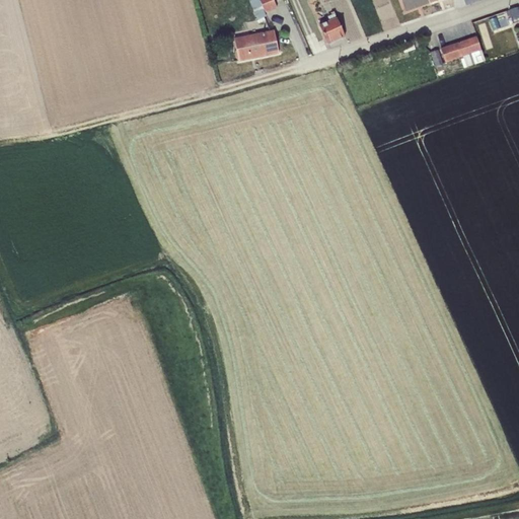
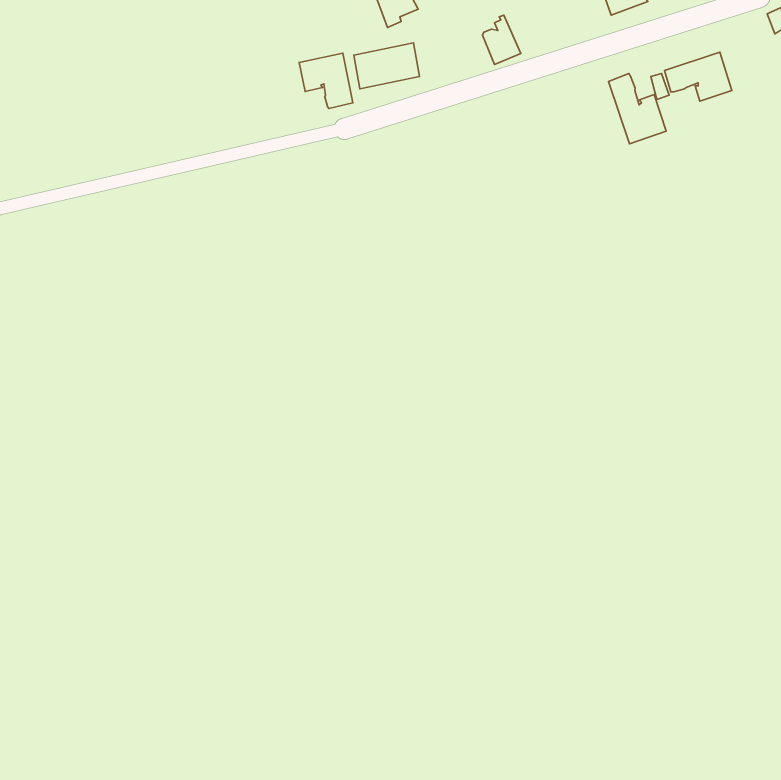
building: none -> [299,53,353,109]
building: none -> [609,74,666,144]

